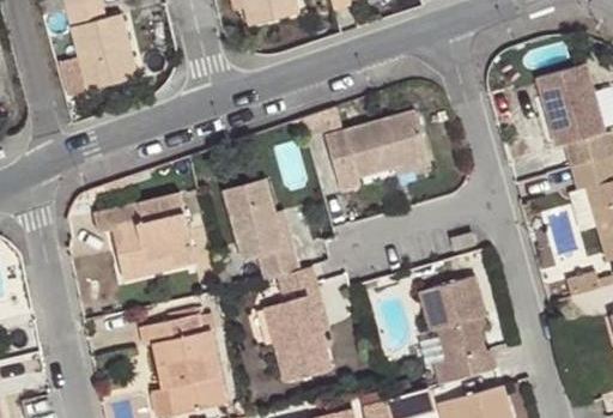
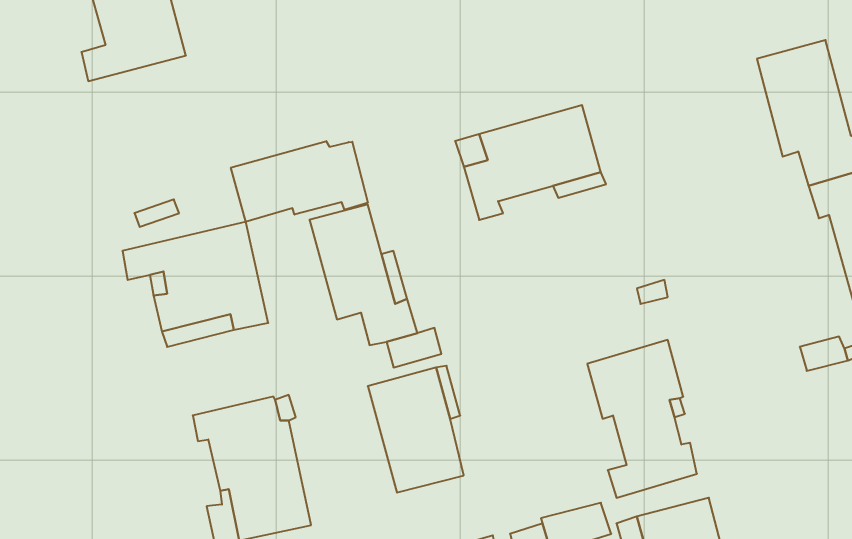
building: none -> [231,141,368,222]

